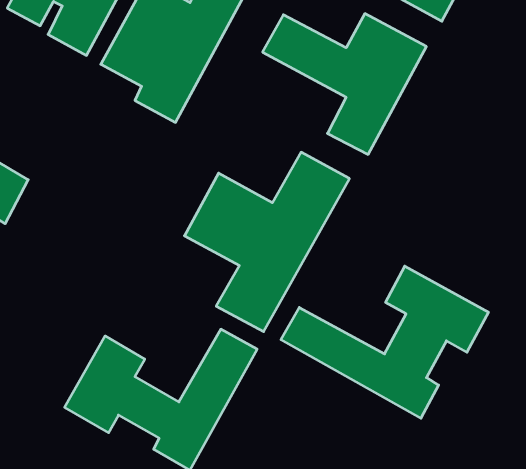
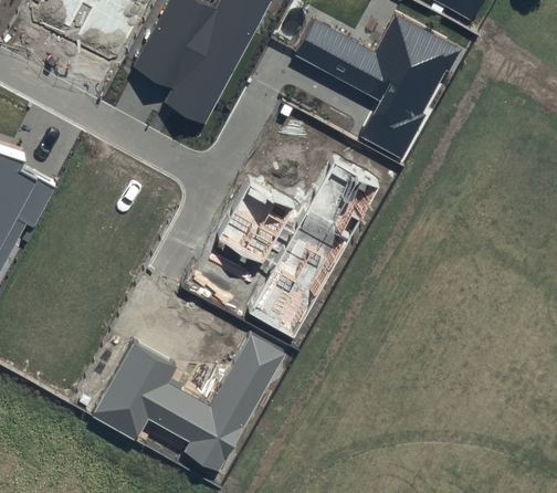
building: [281,266,488,418] -> none

